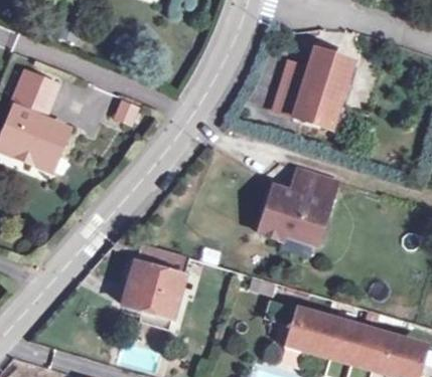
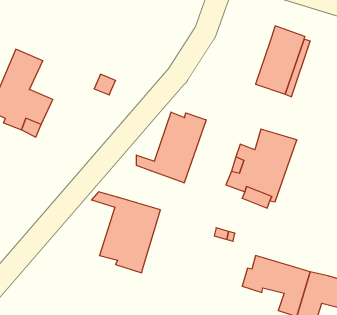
building: [274,61,311,116] -> none
building: none -> [136,112,206,183]

